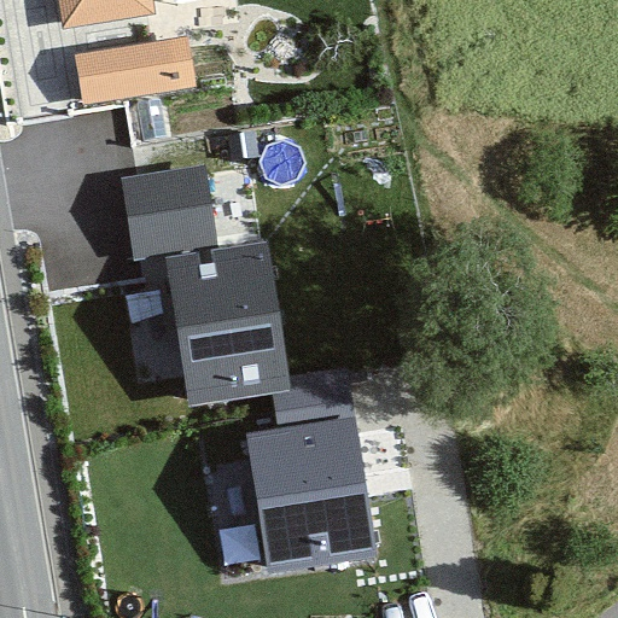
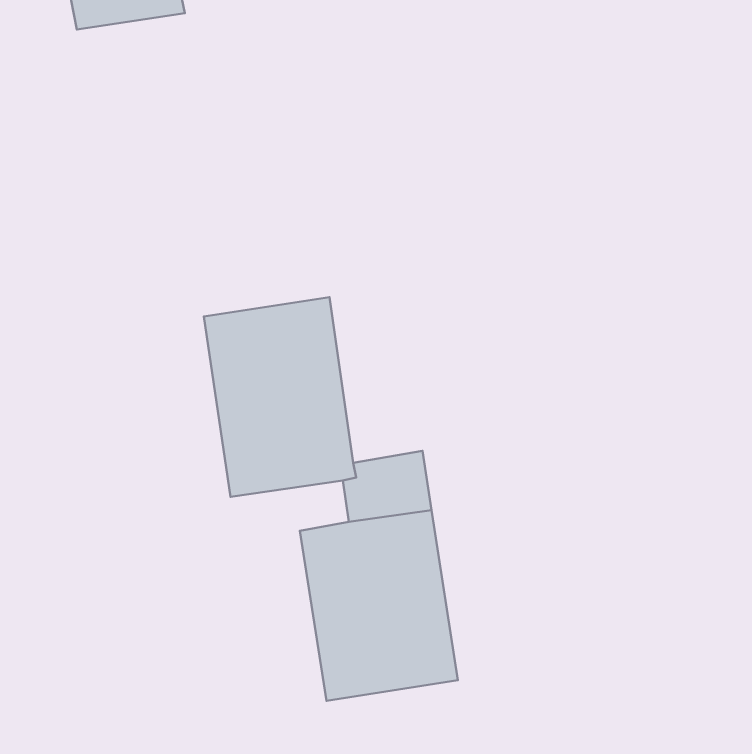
building: [72,35,194,104] -> none
building: [118,167,217,256] -> none

